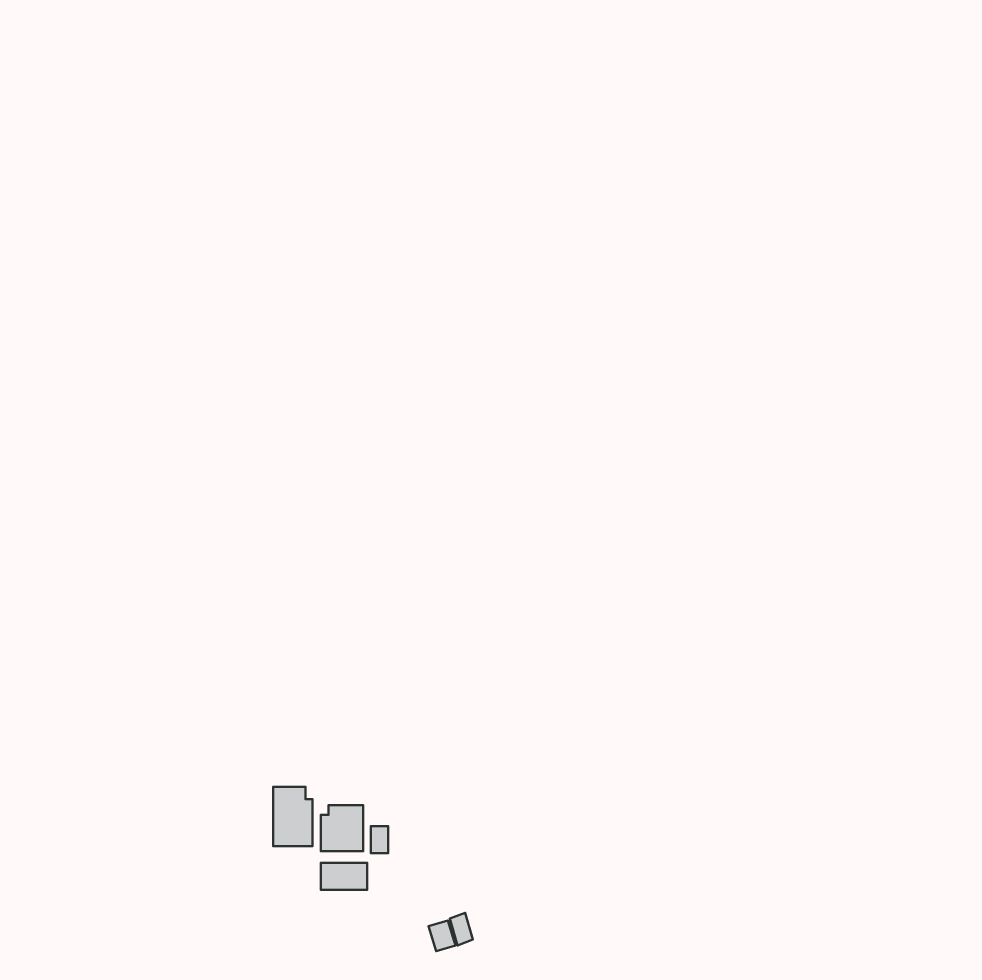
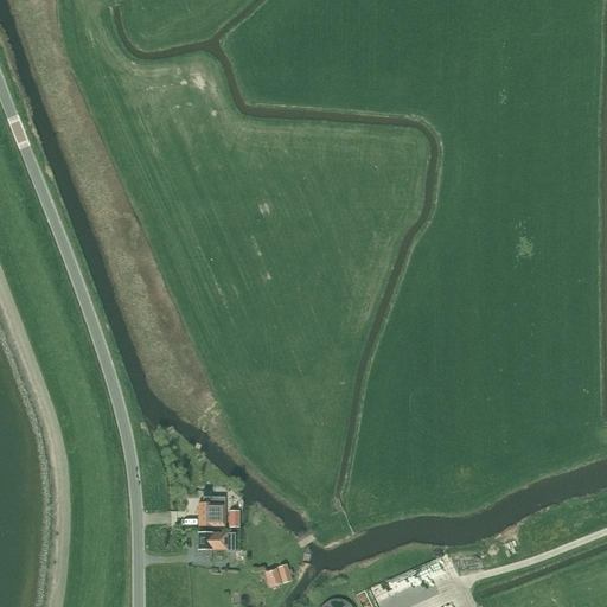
building: [273,787,312,846] -> none

